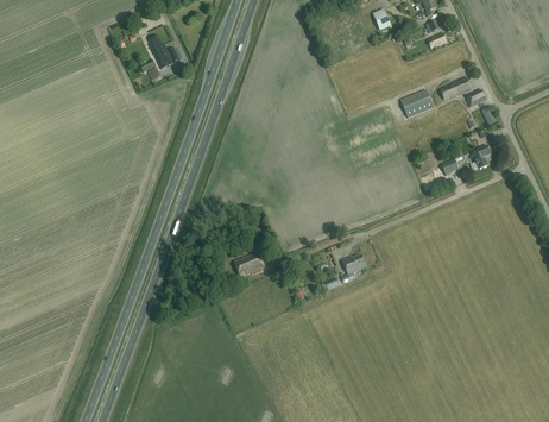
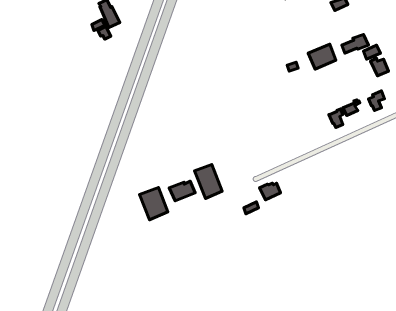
building: none -> [194,164,222,199]
building: none -> [139,187,168,220]

